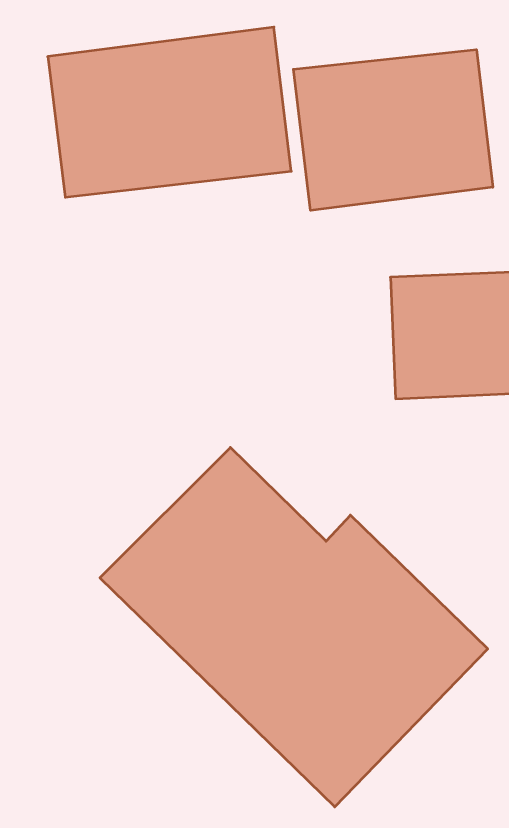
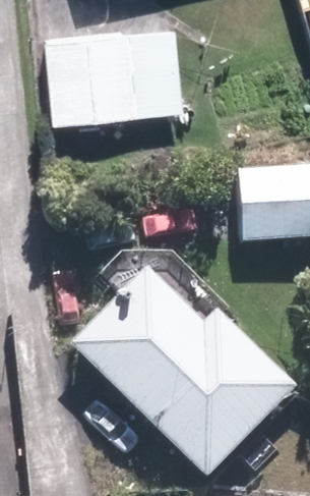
building: [293,50,493,210] -> none

